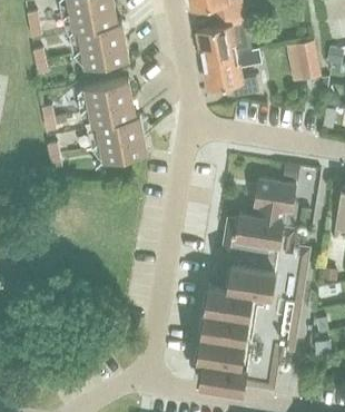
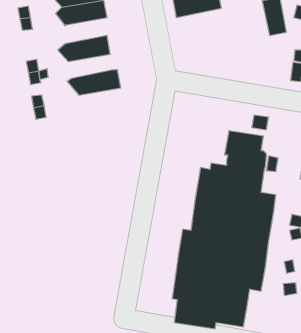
building: [201,49,259,96] -> none
building: [79,99,135,125] -> none
building: [91,135,147,168] -> none

